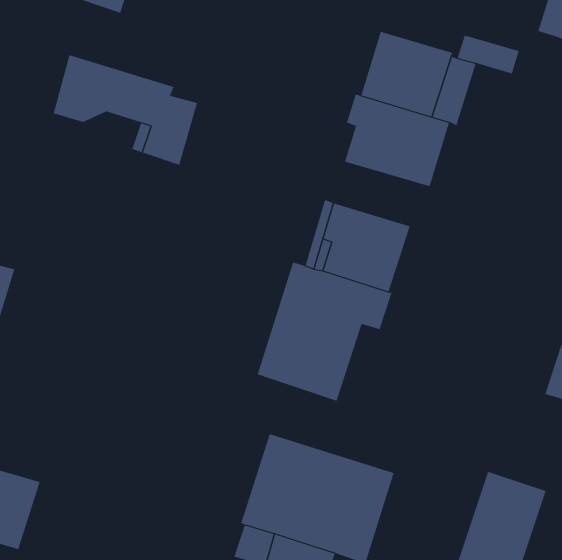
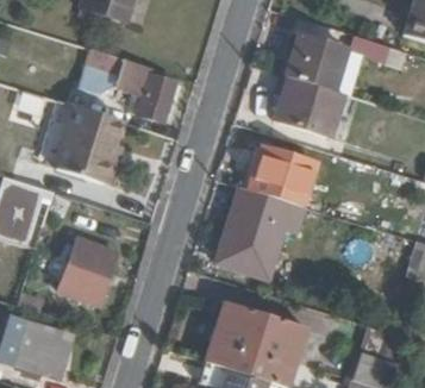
building: none -> [52,101,131,182]
building: none -> [58,237,117,302]

